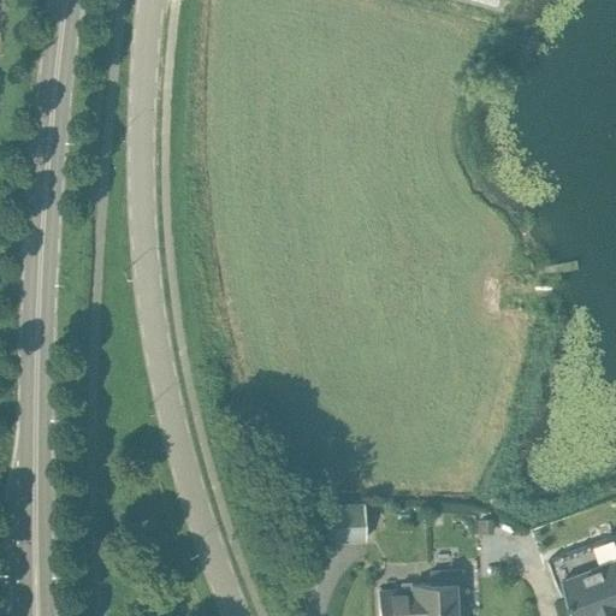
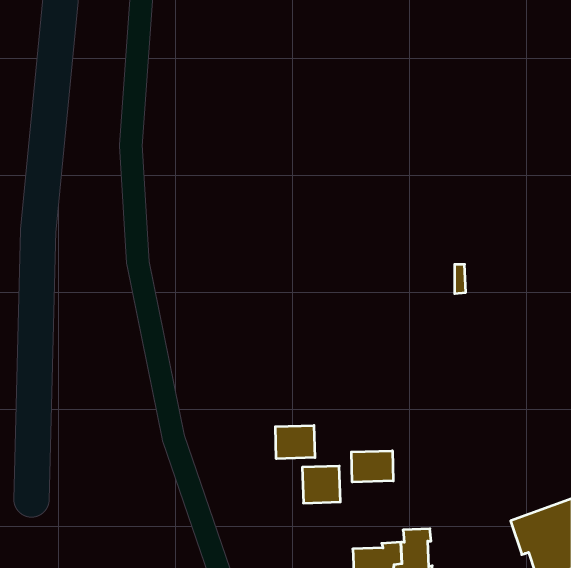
building: none -> [275,425,315,459]
building: none -> [351,451,393,482]

